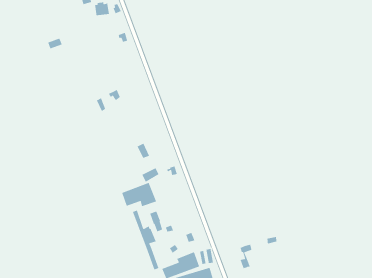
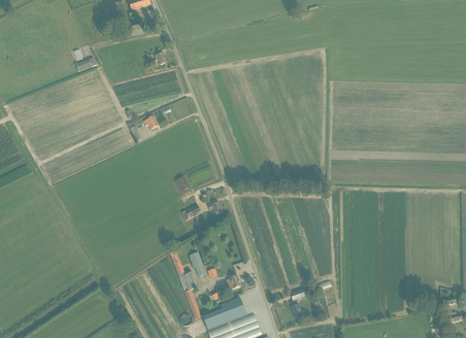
building: [121,182,157,207] -> none

